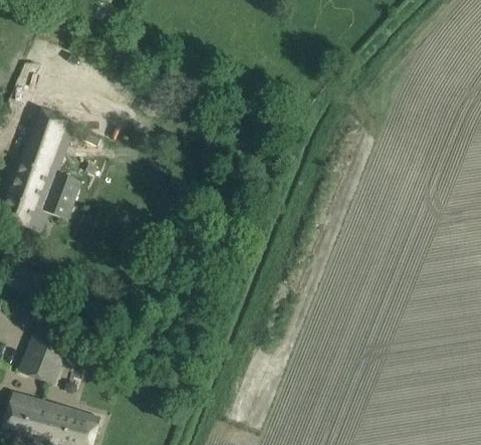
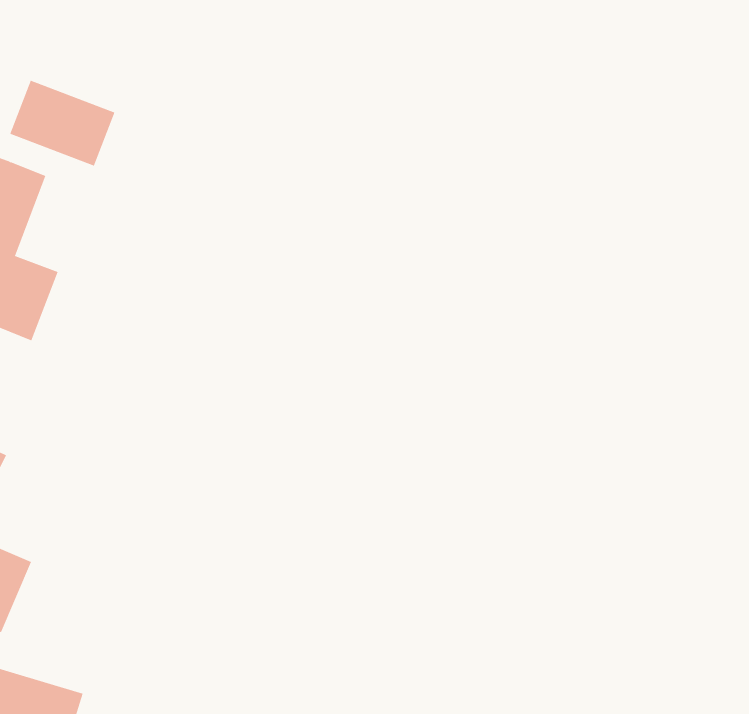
building: none -> [9,80,115,167]

